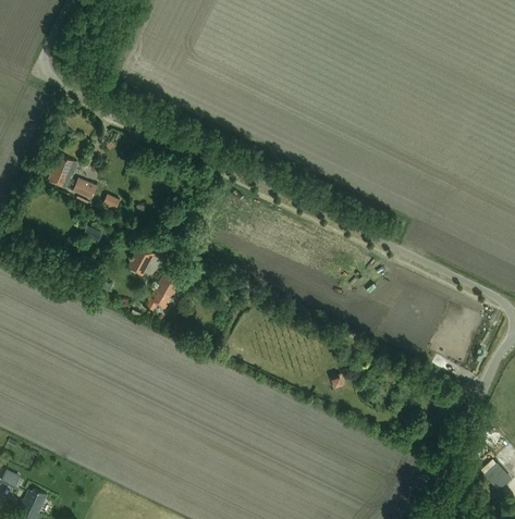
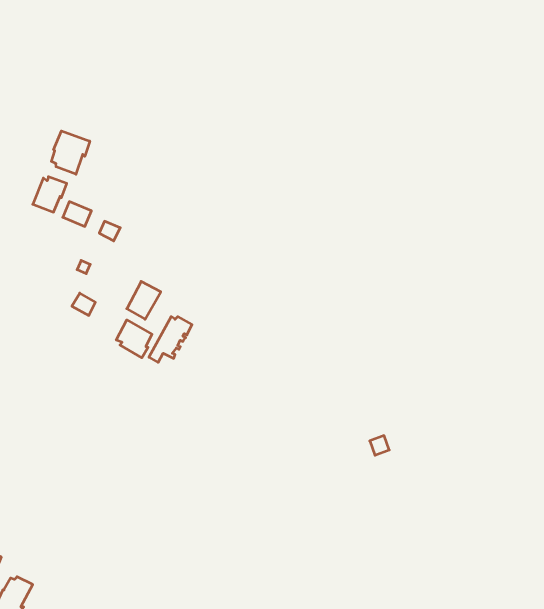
building: none -> [51,131,90,174]
building: none -> [116,320,152,358]

